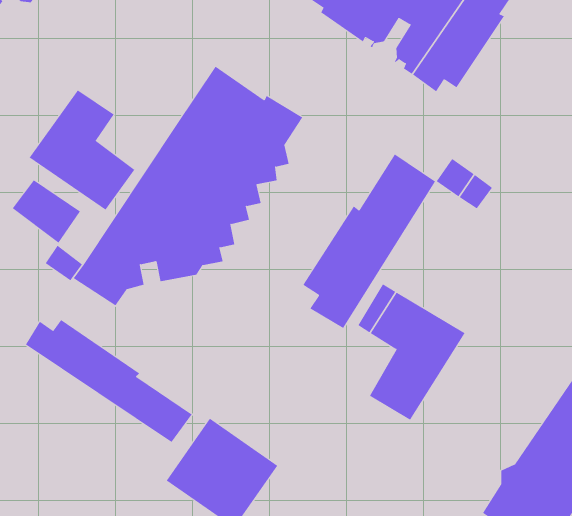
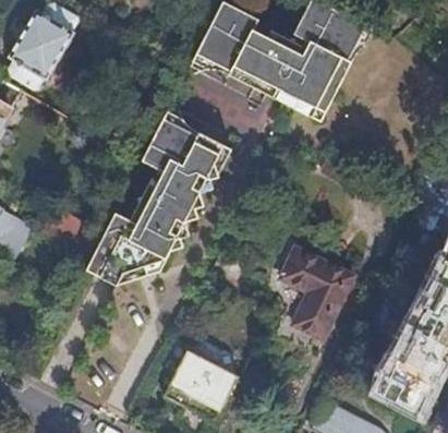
building: [29,89,135,211] -> none
building: [303,154,436,329] -> none
building: [25,319,193,443] -> none

